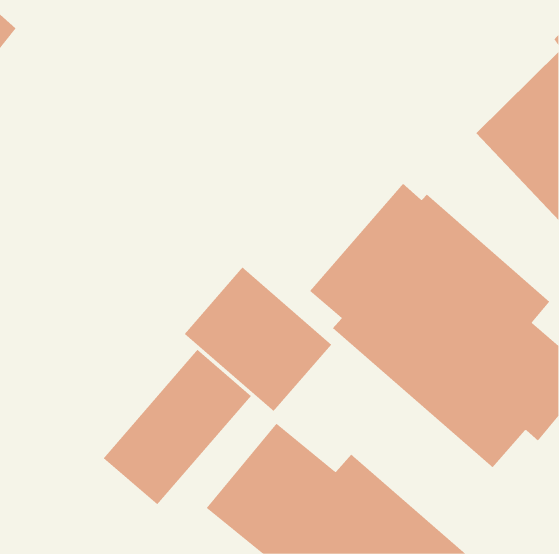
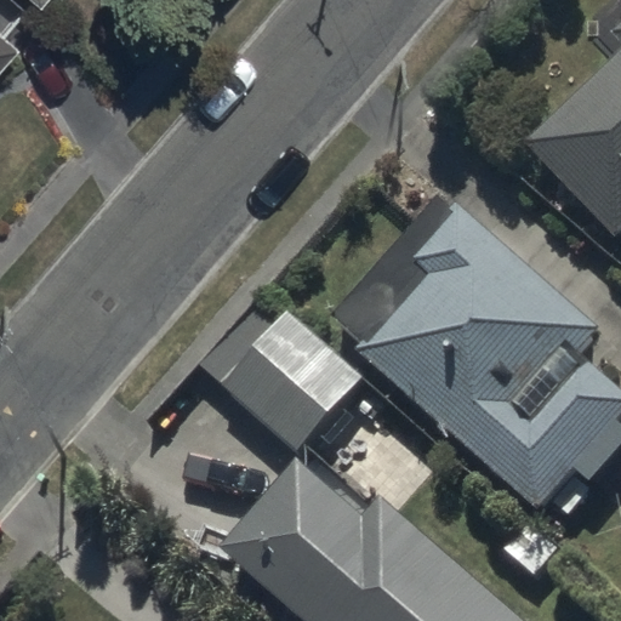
building: [103,349,252,505] -> none

